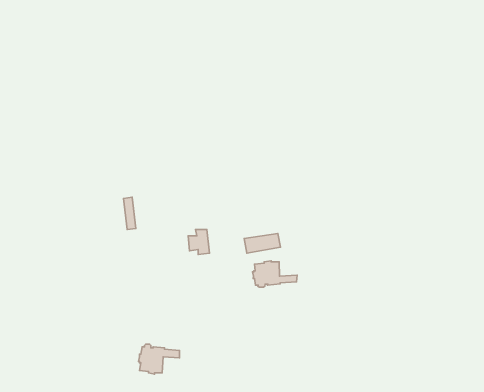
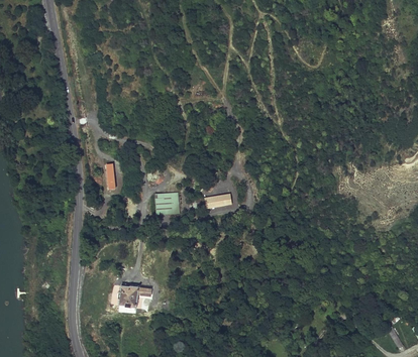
building: [252,261,297,287] -> none

